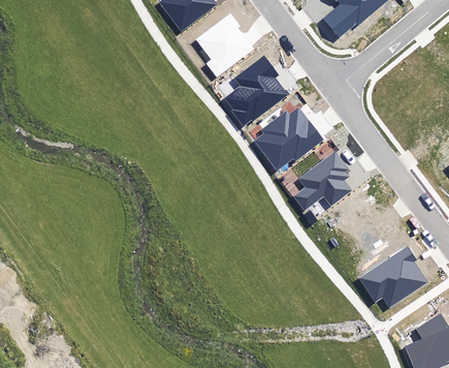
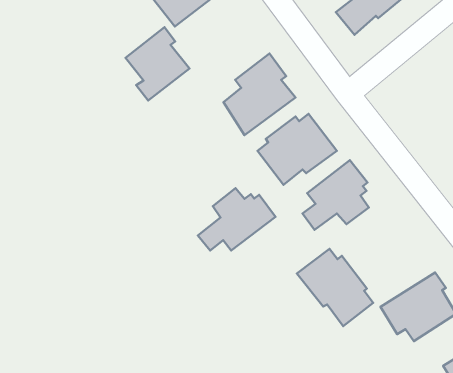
building: [196,12,252,76] -> [126,27,189,100]
building: none -> [198,188,275,251]
building: none -> [297,249,373,326]

